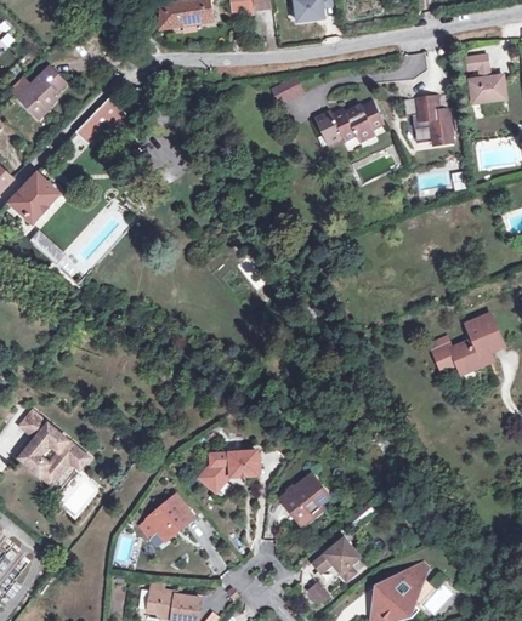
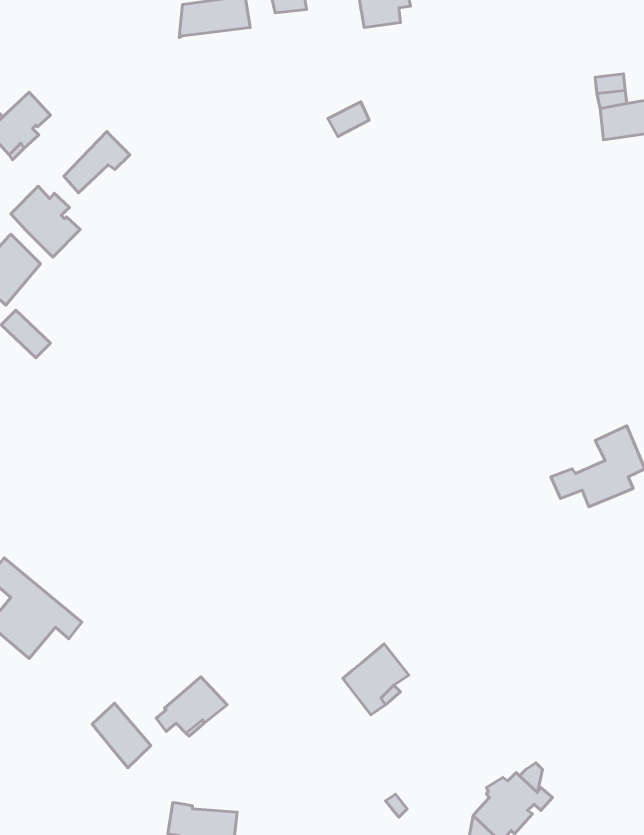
building: [402,92,452,142] -> none
building: [314,101,382,143] -> none
building: none -> [11,186,80,257]
building: [199,450,256,491] -> none
building: none -> [92,703,151,768]
building: [312,539,358,580] -> none

